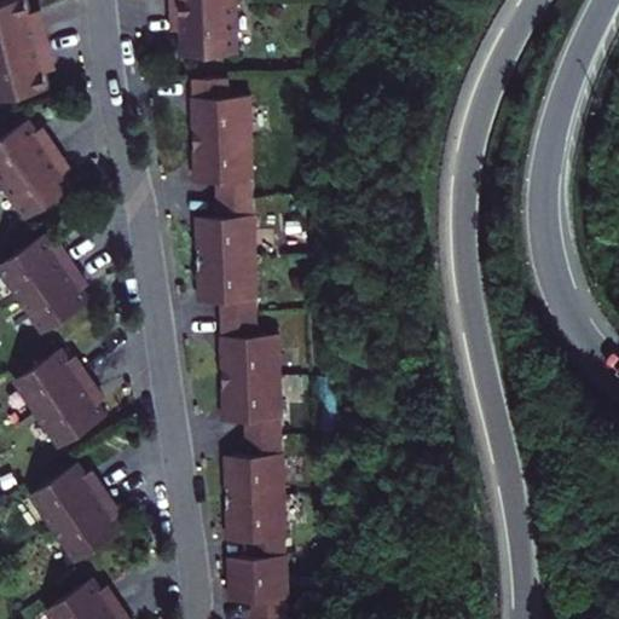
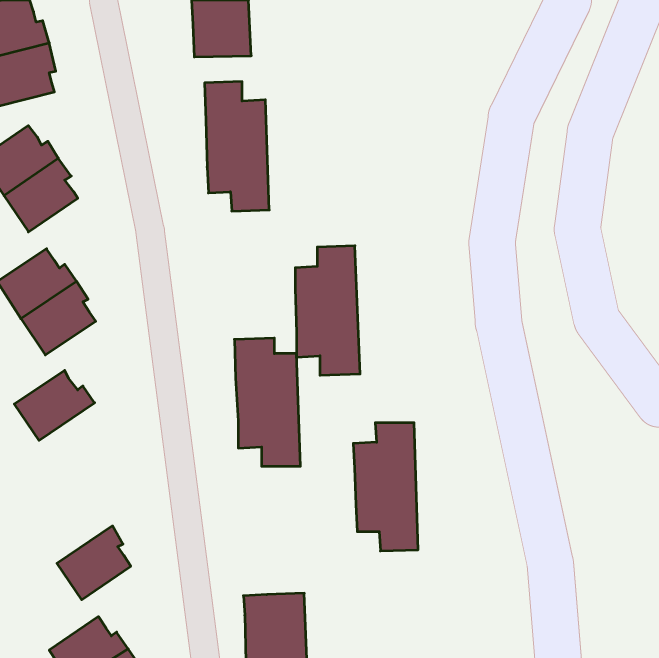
building: [196,199,256,320] -> [295,246,360,375]
building: [36,380,106,450] -> none
building: [224,439,284,559] -> [353,423,418,551]
building: [30,464,105,530] -> none

